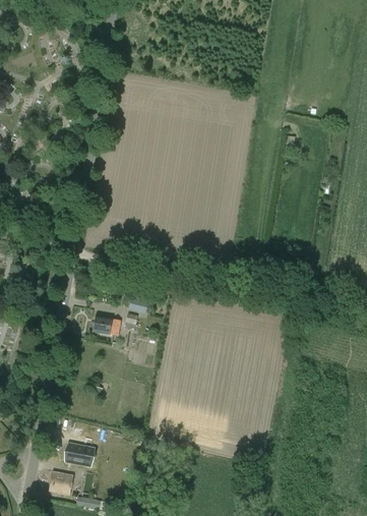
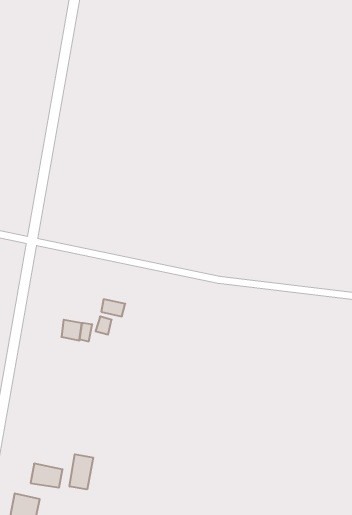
building: none -> [70,454,93,489]

